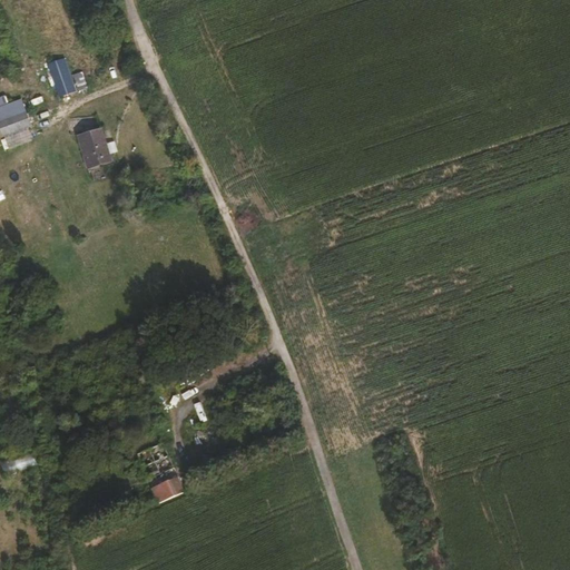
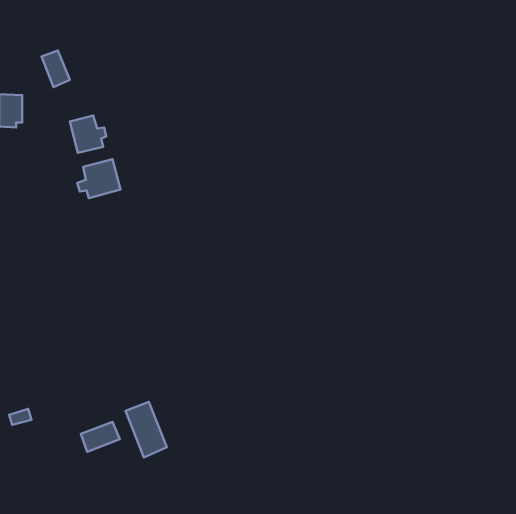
building: none -> [77,159,120,198]
building: none -> [81,422,120,452]

